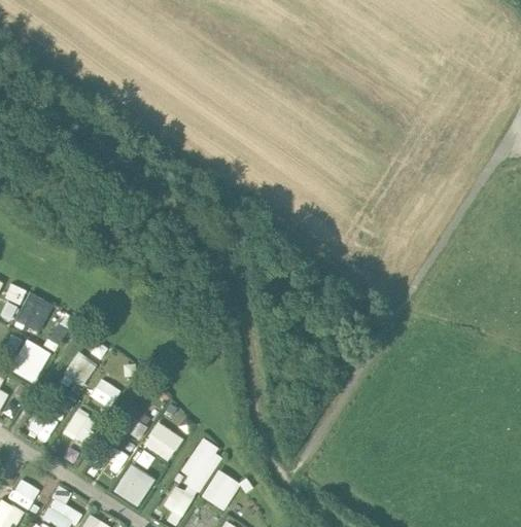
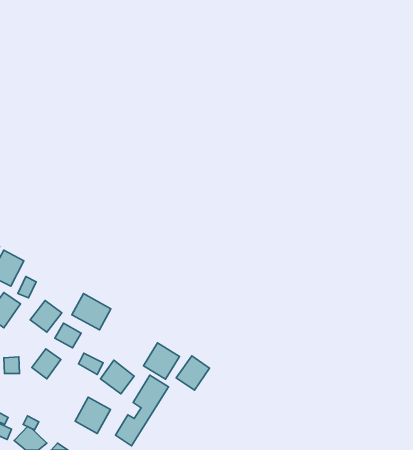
building: none -> [72,294,111,330]
building: none -> [144,343,179,379]
building: [201,469,240,510] -> [176,356,210,390]

